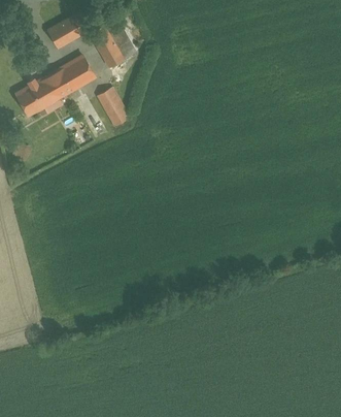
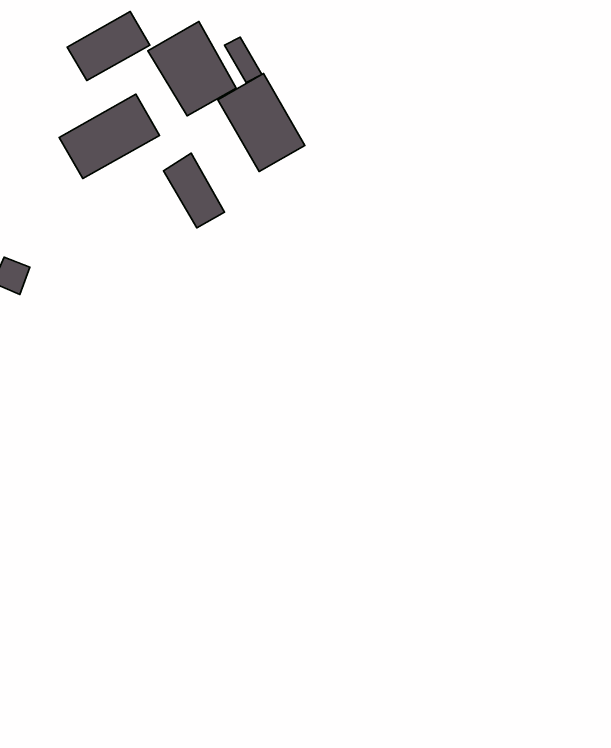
building: none -> [218,74,305,172]
building: [15,78,55,116] -> none

